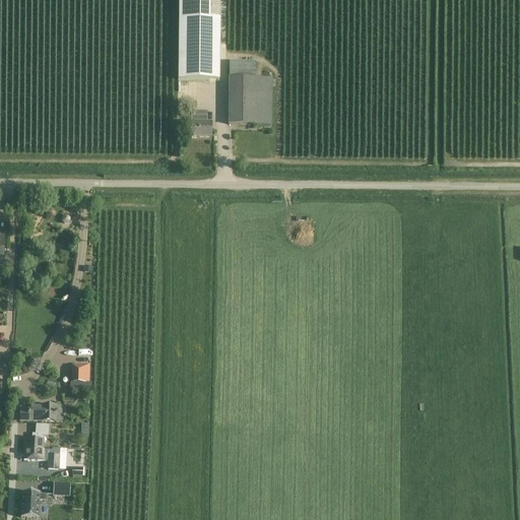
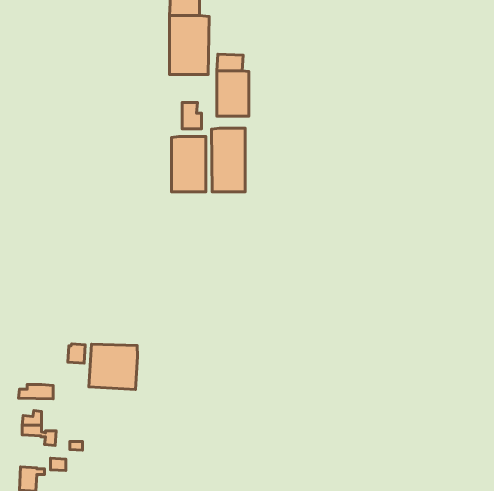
building: none -> [211,128,245,192]
building: none -> [171,136,206,192]
building: none -> [89,344,137,389]

